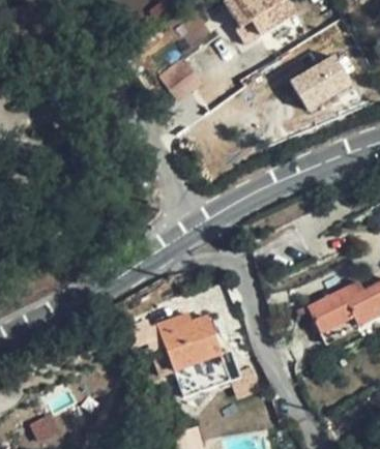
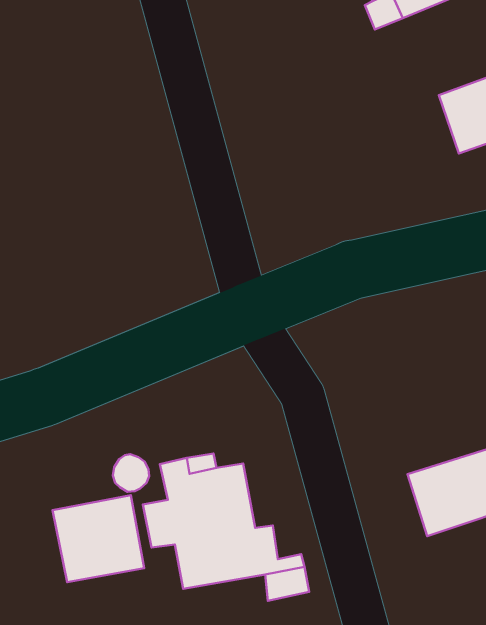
building: [160,57,205,101] -> none
building: none -> [53,495,144,582]

